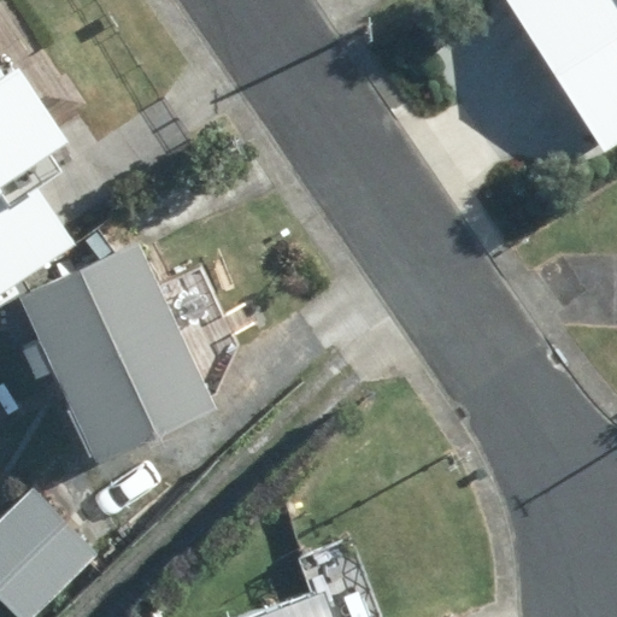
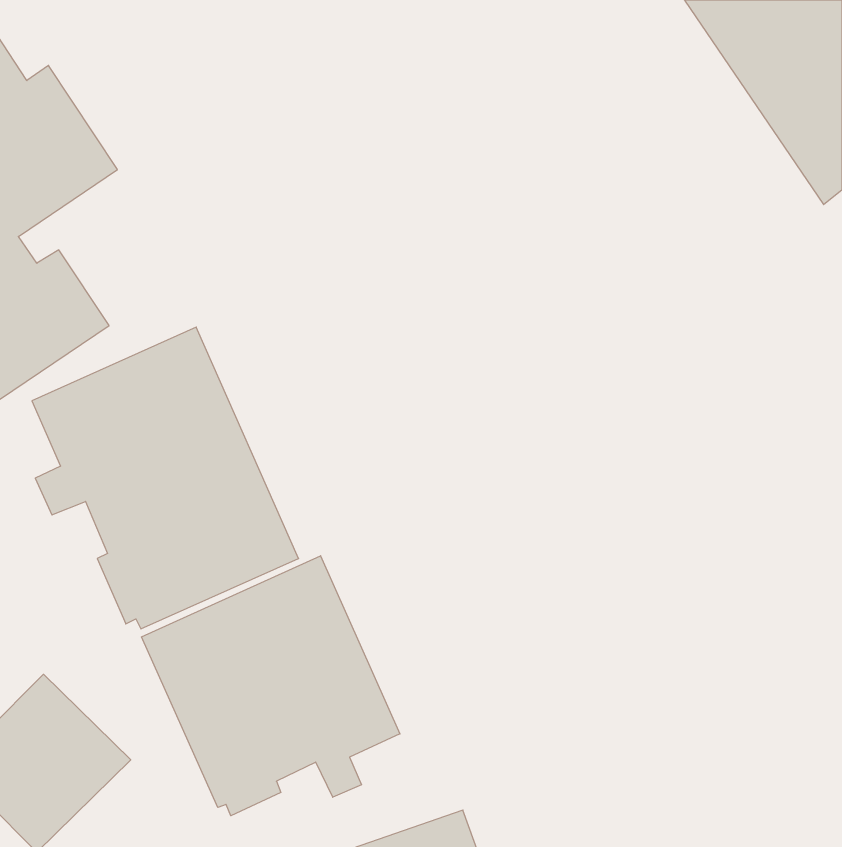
building: none -> [142,556,400,816]

